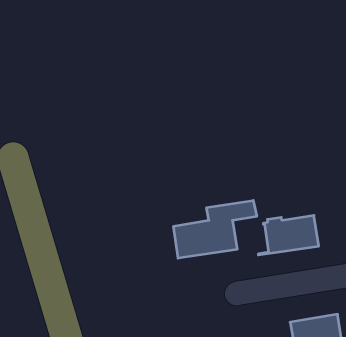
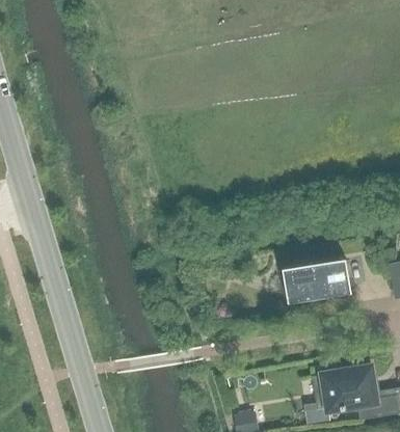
building: [174,200,257,258] -> none

